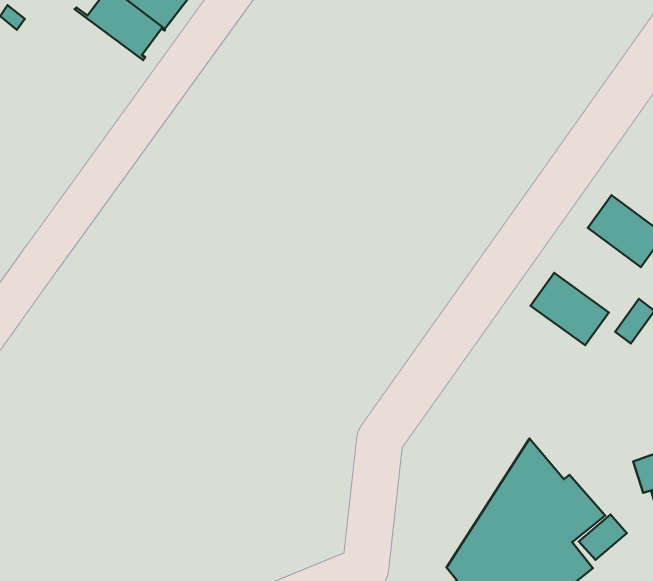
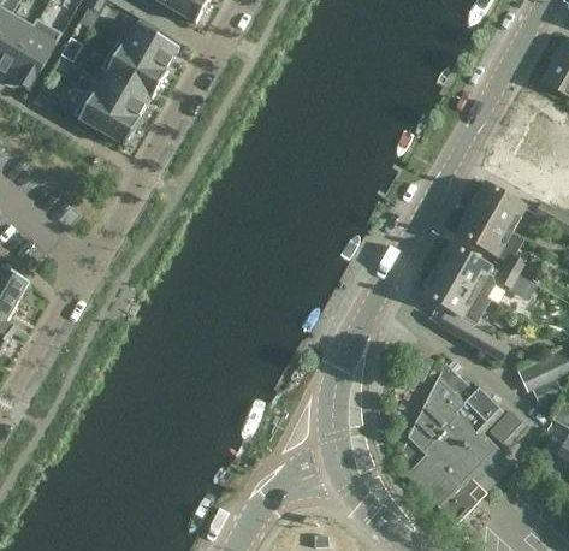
building: none -> [72,90,140,146]
building: none -> [456,207,511,255]
building: none -> [421,267,509,361]

